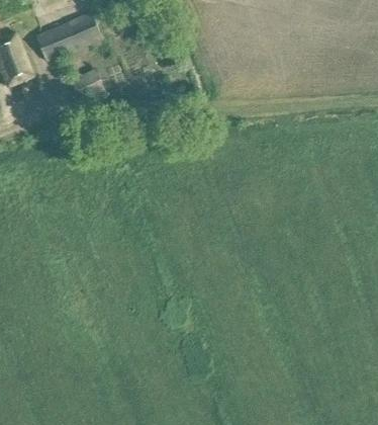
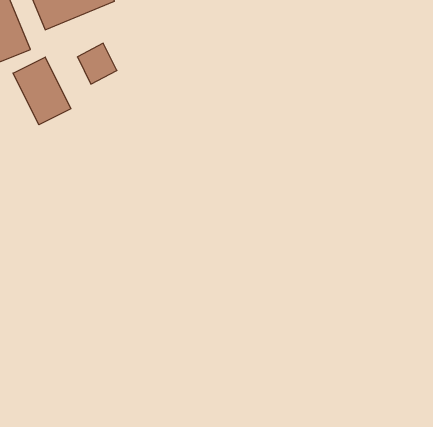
building: none -> [13,57,71,125]

